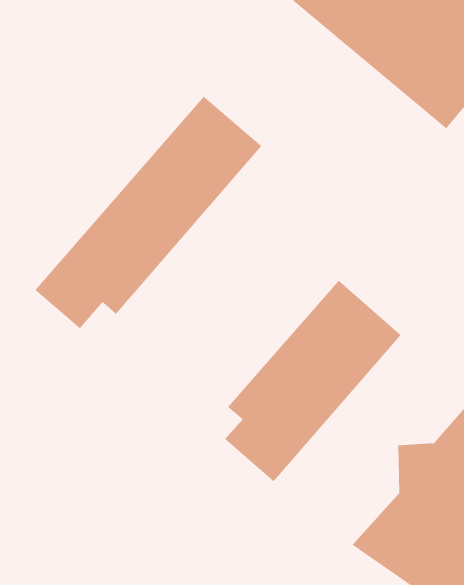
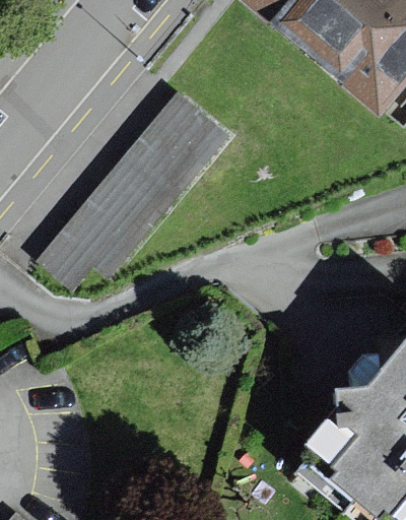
building: [224,280,402,482] -> none

